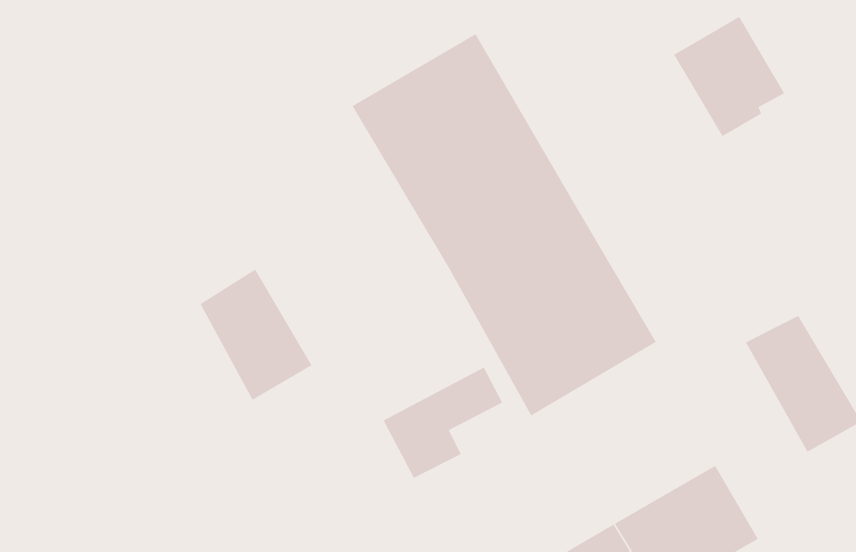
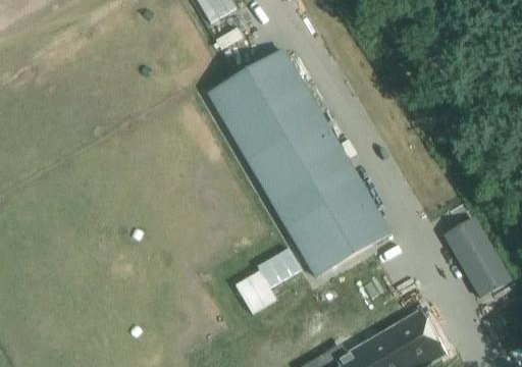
building: [673,16,785,137] -> none
building: [199,269,312,401] -> none

